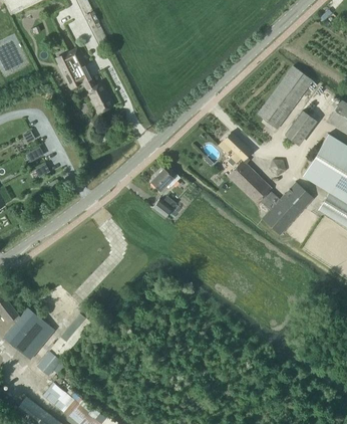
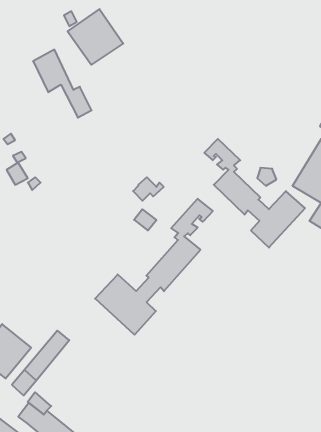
building: none -> [68,9,123,65]
building: [258,66,313,129] -> none
building: [286,109,317,145] -> none
building: none -> [95,199,213,335]

